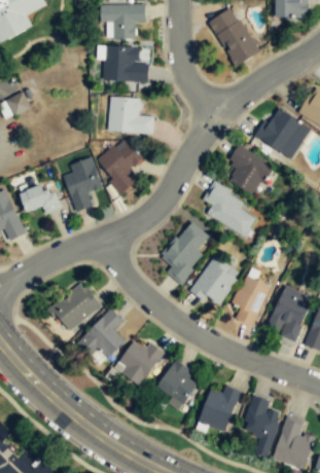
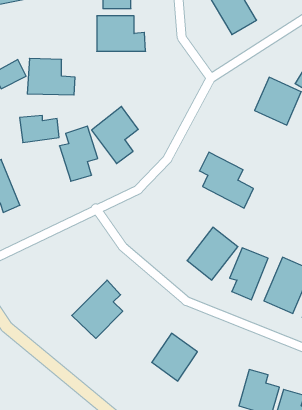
building: [107,97,154,133] -> [27,58,75,95]
building: [227,145,274,195] -> none
building: [22,186,61,213] -> [20,116,59,143]
building: [162,219,209,284] -> none
building: [49,281,103,332] -> none
building: [113,338,166,386] -> none
building: [197,386,241,431] -> none

